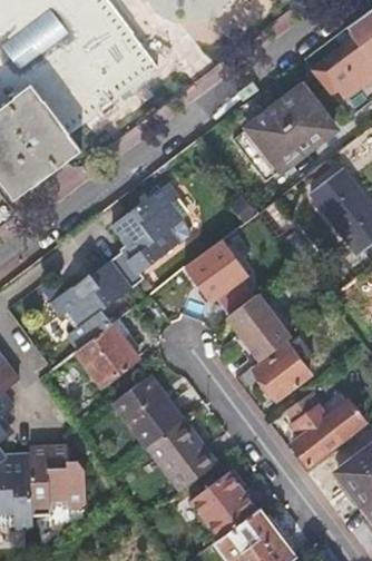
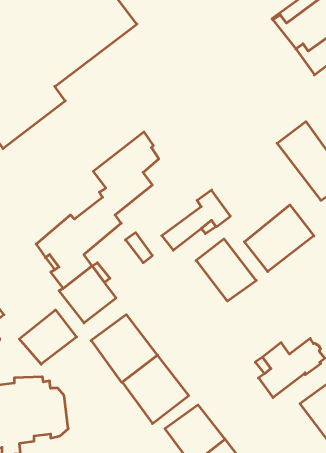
building: [233,85,332,179] -> none
building: none -> [244,205,314,272]
building: [254,346,307,398] -> none
building: none -> [19,310,77,364]

